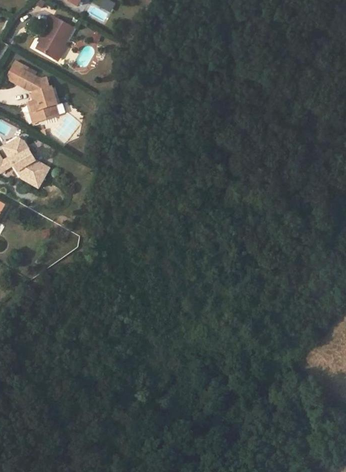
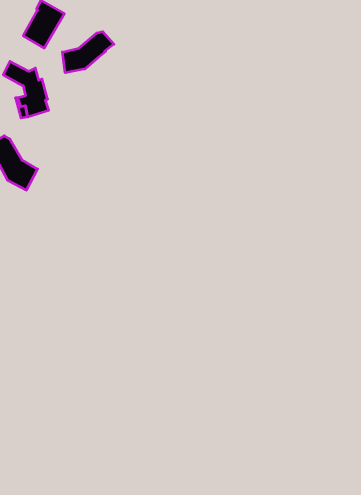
building: none -> [62,32,114,73]

